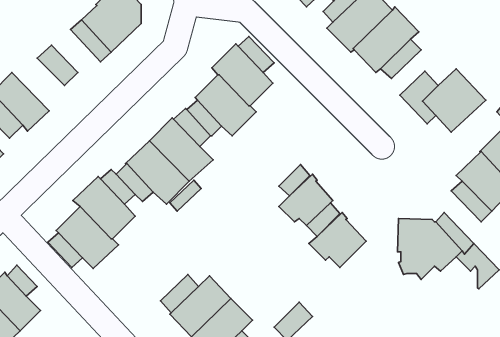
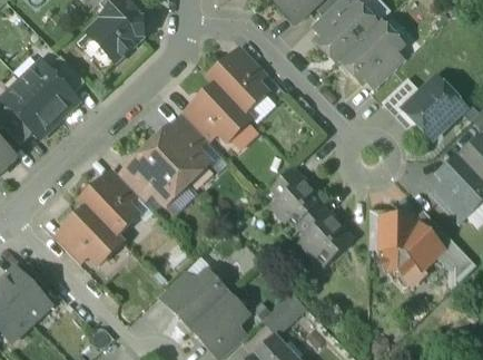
building: none -> [22,64,76,117]

